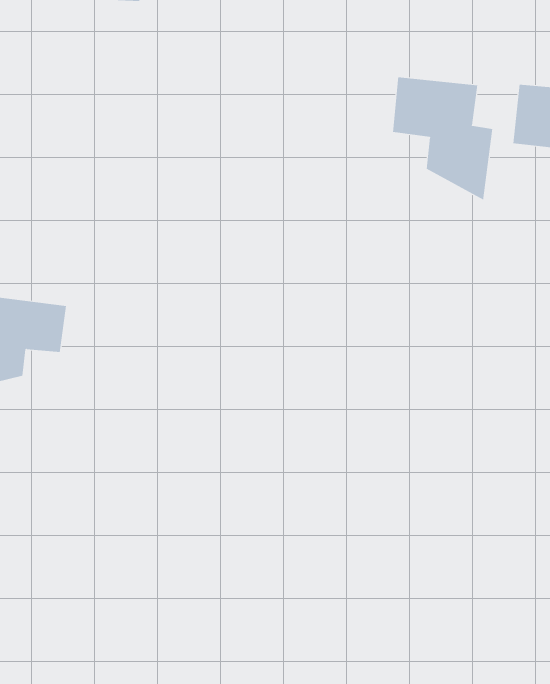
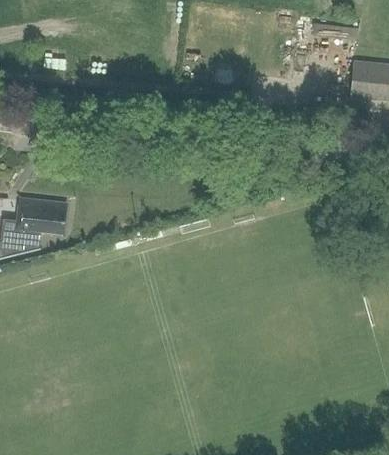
building: [392,76,493,200] -> none

